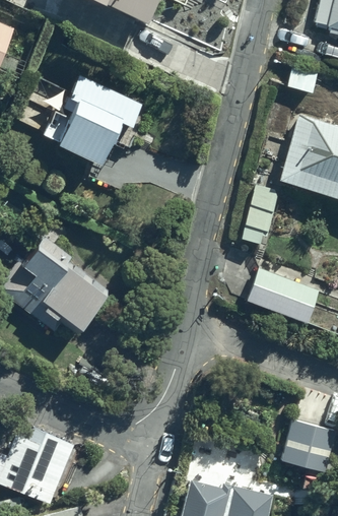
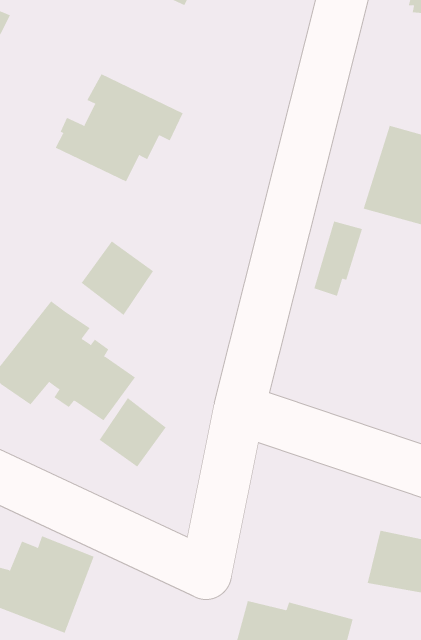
building: none -> [81,241,154,316]
building: [246,270,318,323] -> none
building: none -> [99,397,167,468]

